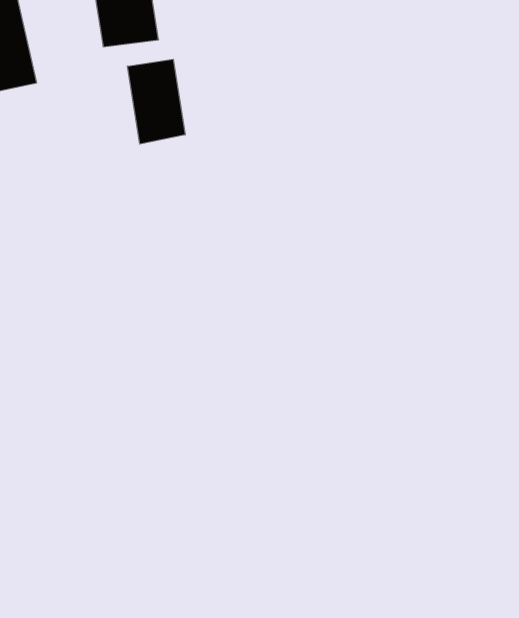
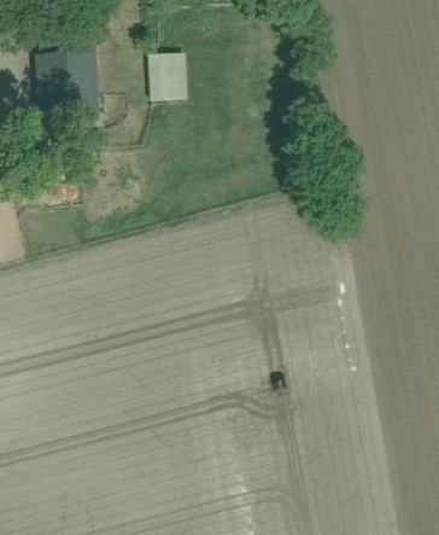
building: [128,59,185,144] -> none

